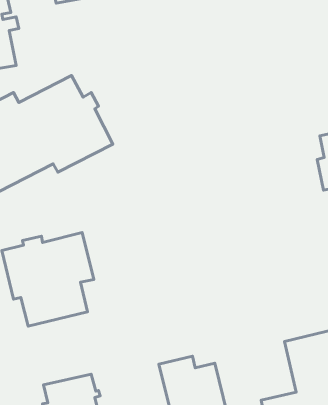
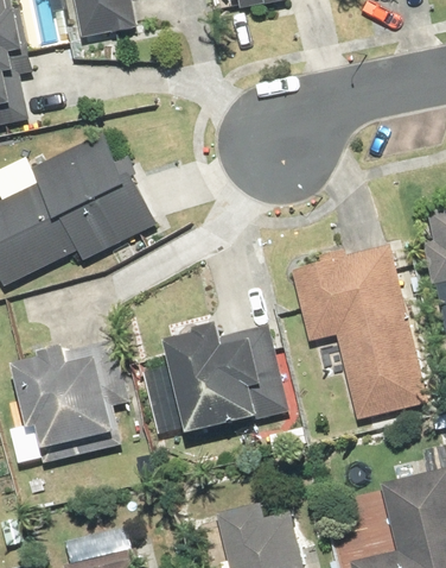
building: none -> [291,245,427,419]
building: none -> [161,322,288,433]

